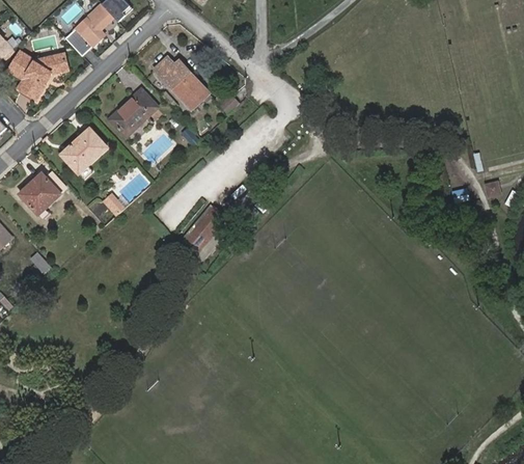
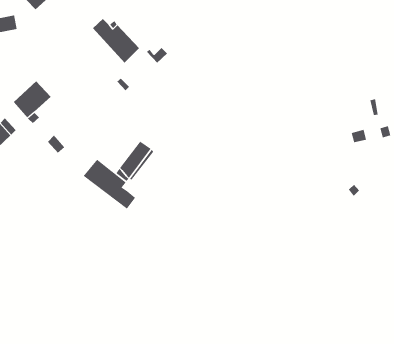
building: [110,89,158,137] -> none
building: none -> [83,159,136,210]

